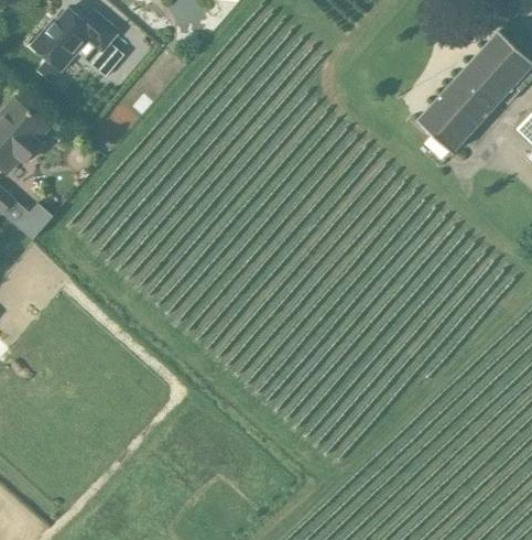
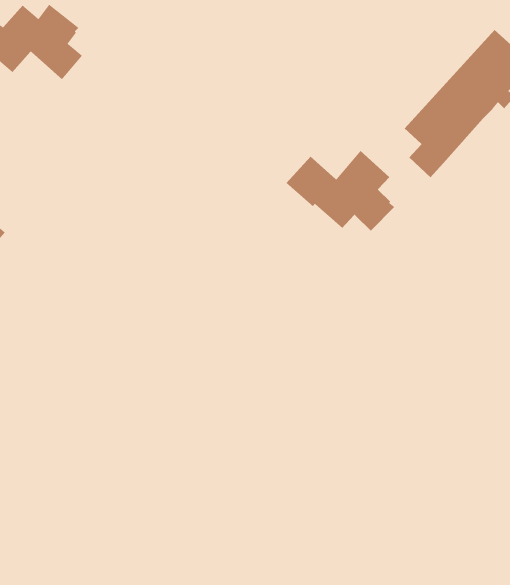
building: none -> [286,150,395,231]

